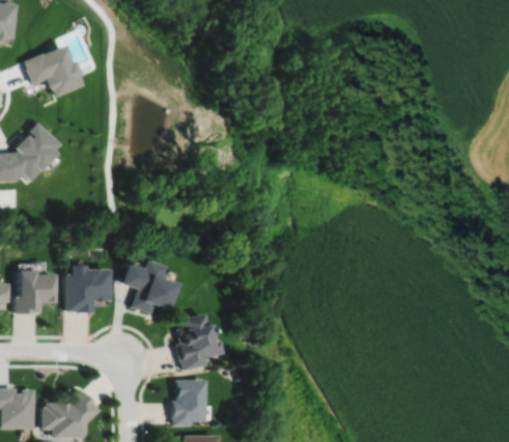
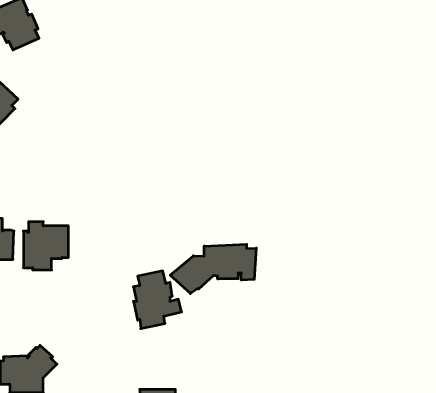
building: [122,260,176,313] -> none
building: none -> [170,244,256,294]
building: [171,381,206,426] -> none

